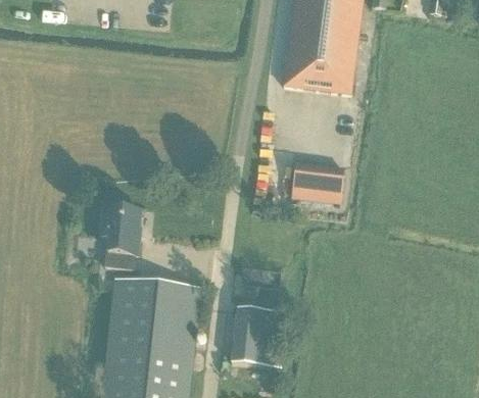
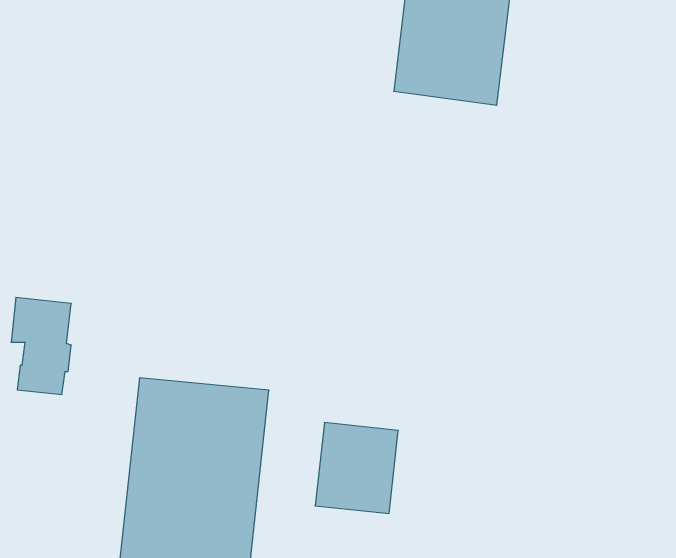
building: [292,162,345,201] -> none
building: [101,204,141,268] -> [11,297,71,394]

